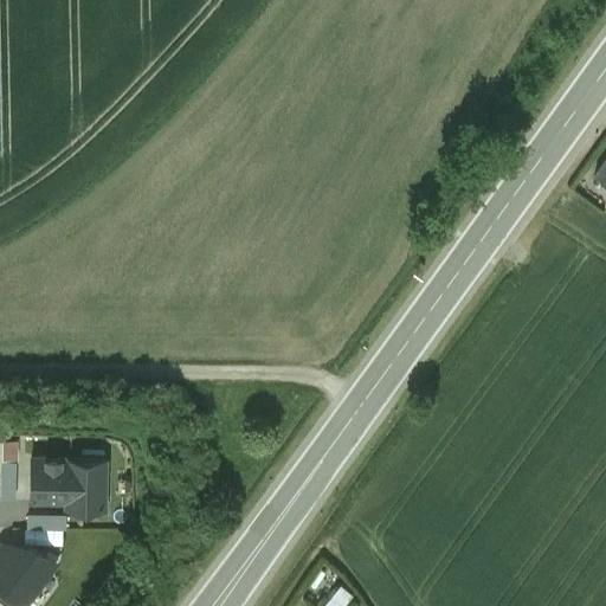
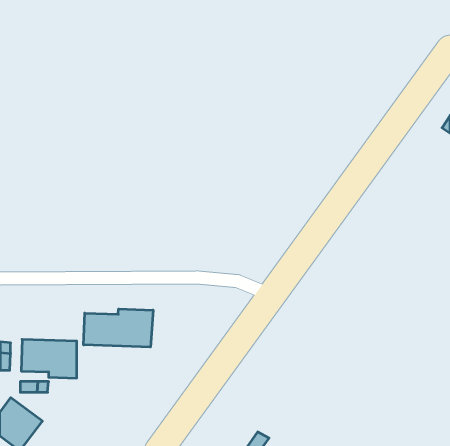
building: none -> [84,309,153,347]

